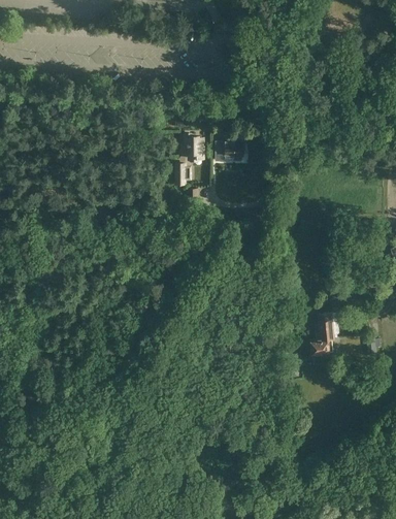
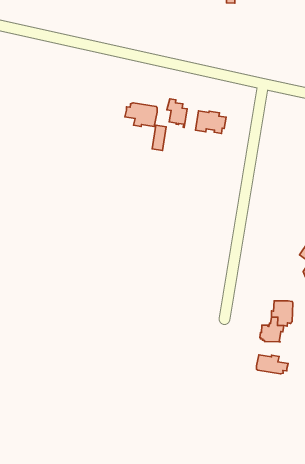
building: none -> [125,103,157,127]
building: none -> [256,355,288,374]

